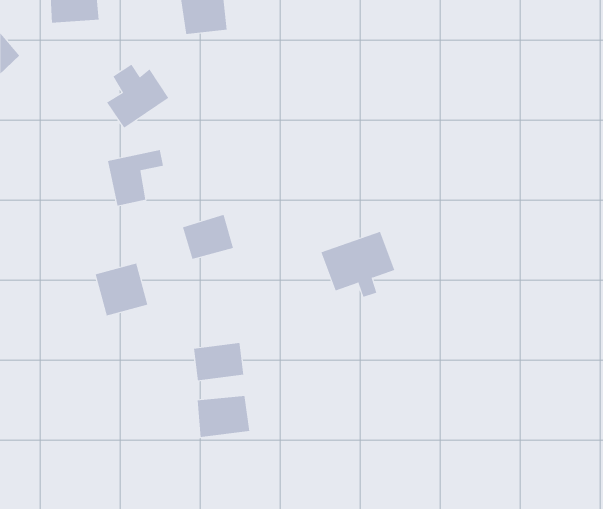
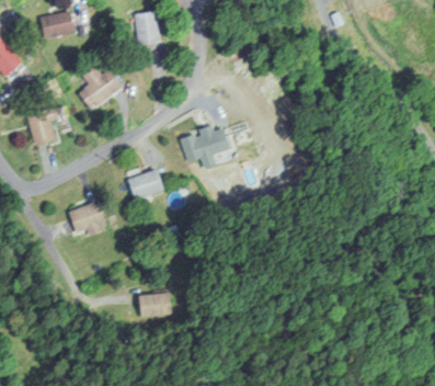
building: [107,150,164,206] -> [28,105,67,144]
building: [321,231,395,298] -> [184,122,234,167]
building: [193,342,244,381] -> none

